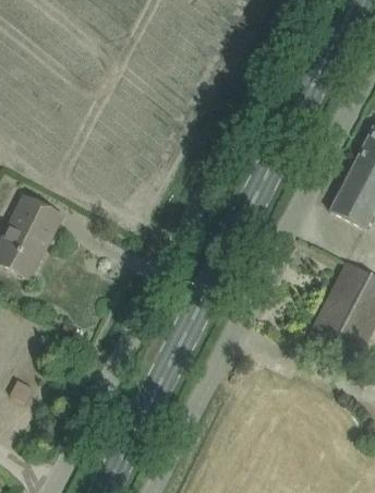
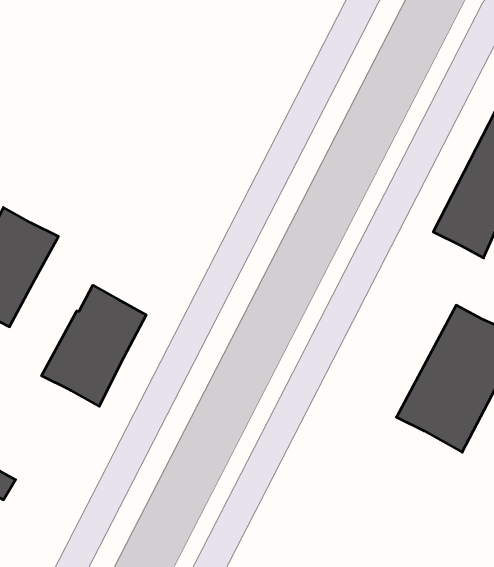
building: none -> [42,285,146,406]

